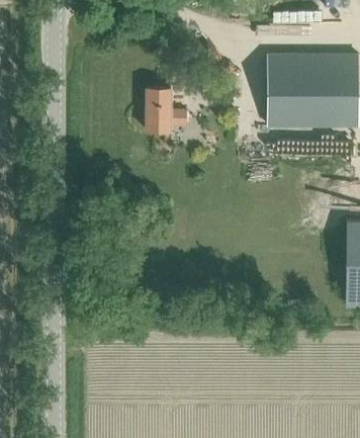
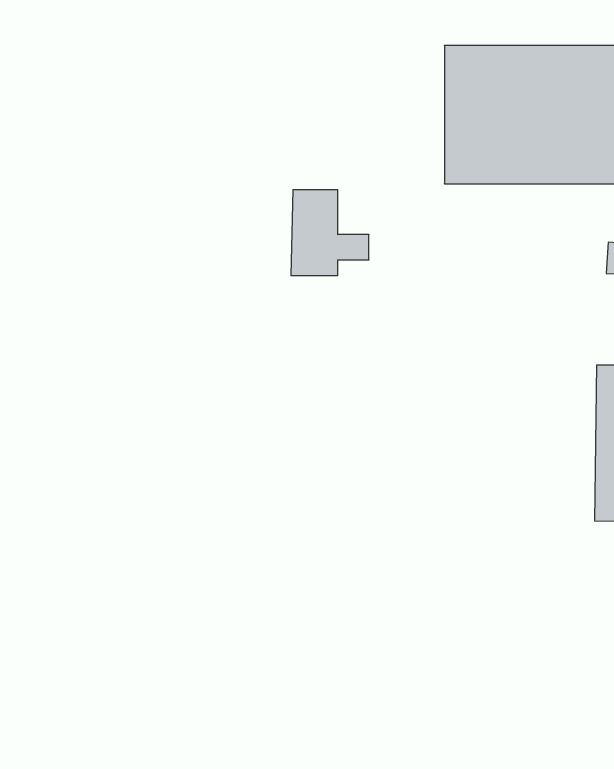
building: [147,88,187,133] -> [291,190,369,276]

